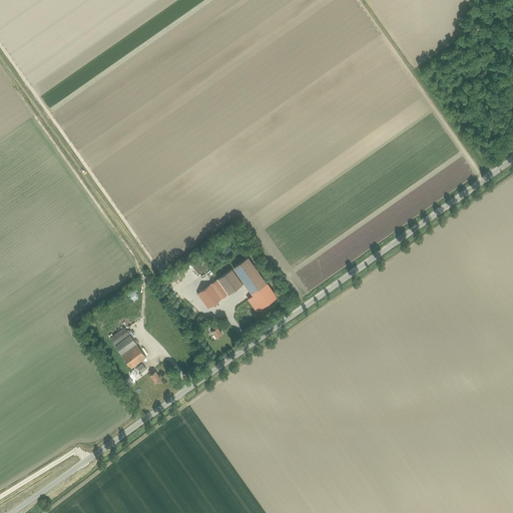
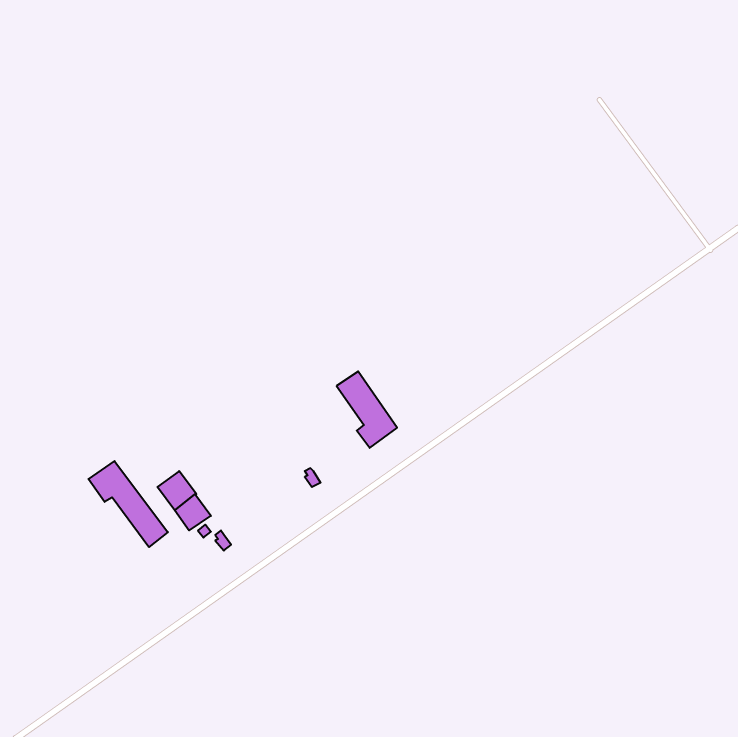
building: [197,270,242,309] -> none
building: none -> [88,461,168,547]

